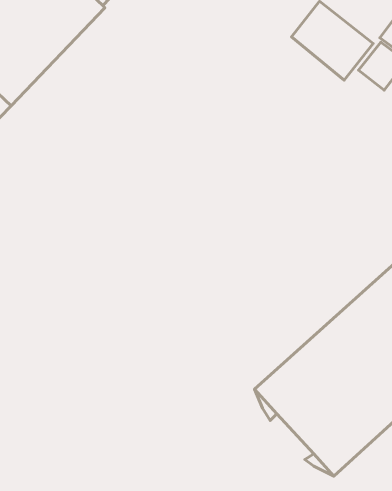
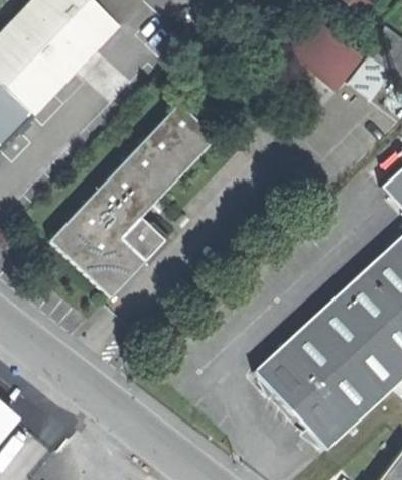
building: none -> [49,103,215,296]

